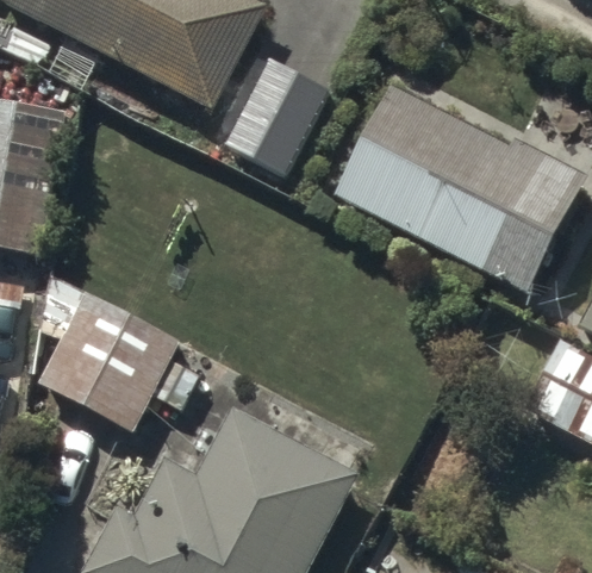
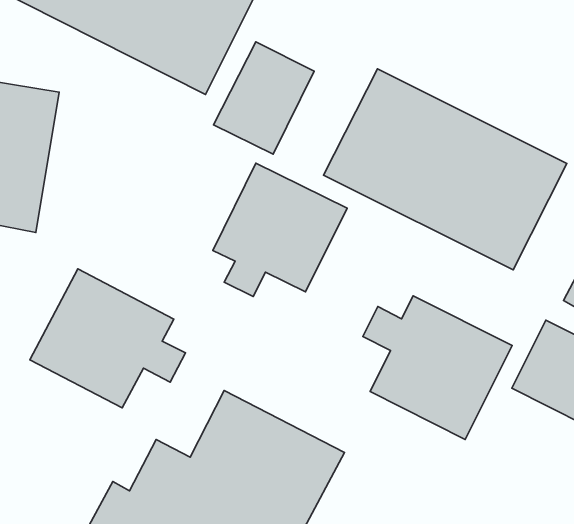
building: none -> [213,163,347,297]
building: none -> [363,296,512,440]

